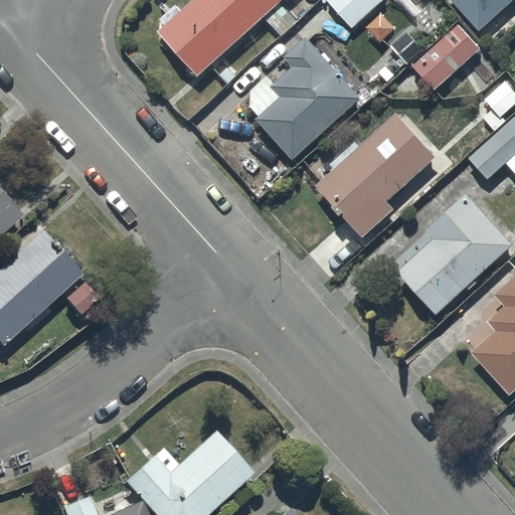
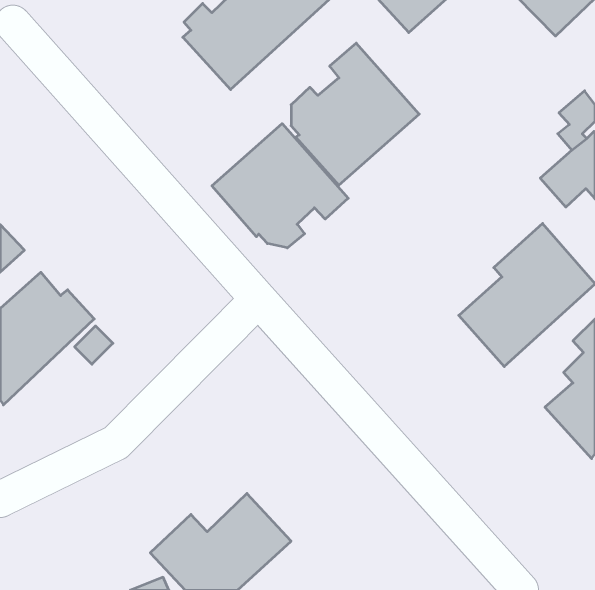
building: [411,20,483,91] -> none
building: none -> [212,124,348,248]
building: [316,114,438,237] -> none

